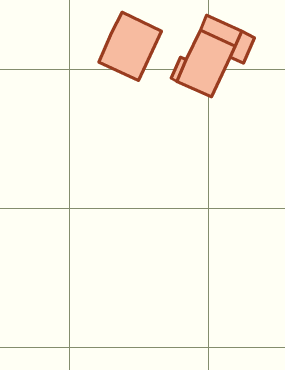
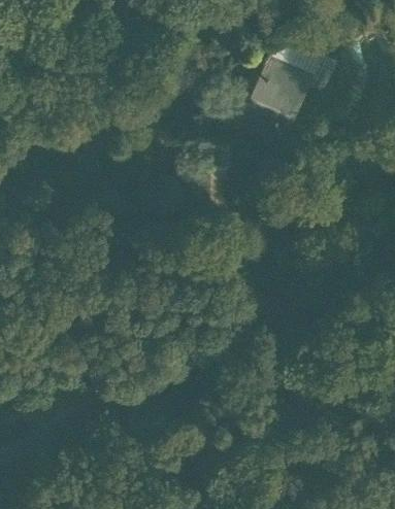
building: [99,12,161,81] -> none

